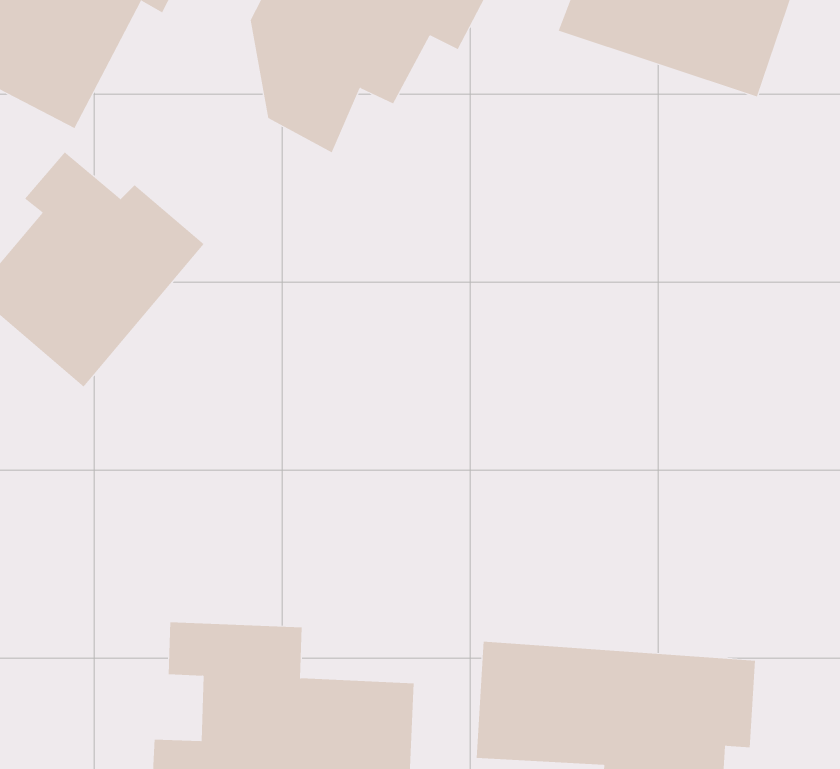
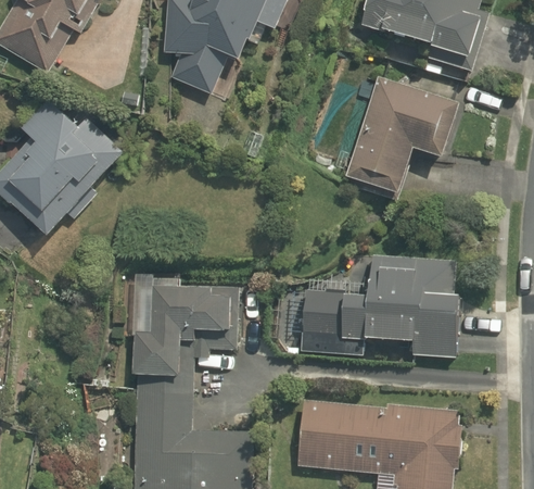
building: none -> [342,74,466,196]
building: none -> [291,253,456,363]
building: none -> [122,281,233,381]

